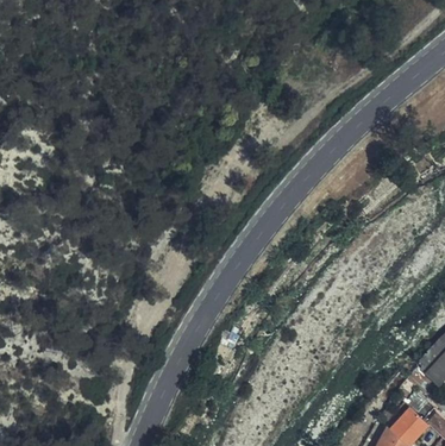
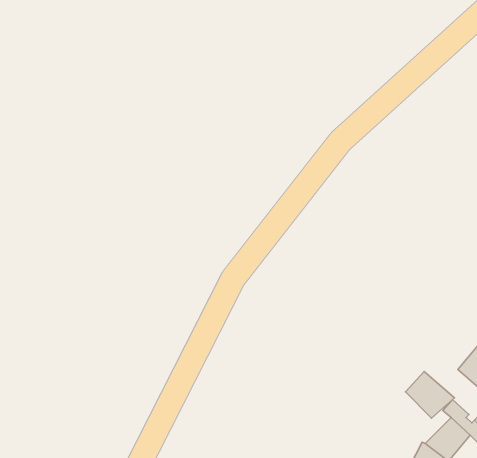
building: none -> [405,372,455,418]

